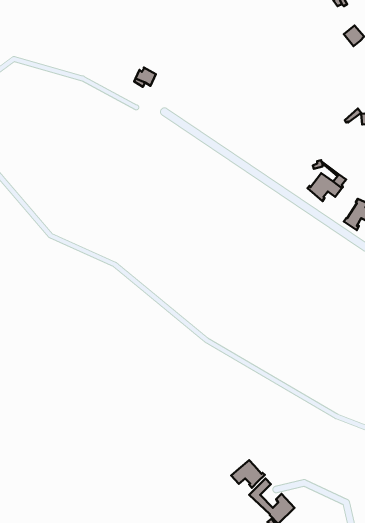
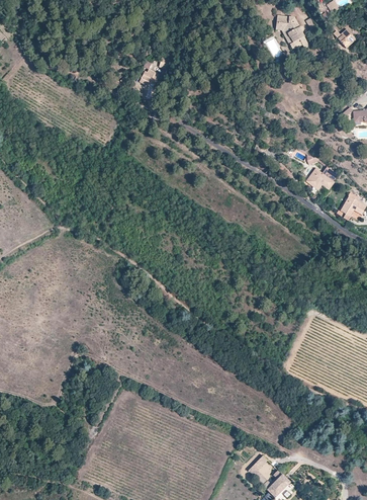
building: none -> [275,14,309,50]
building: [231,460,265,488] -> none

